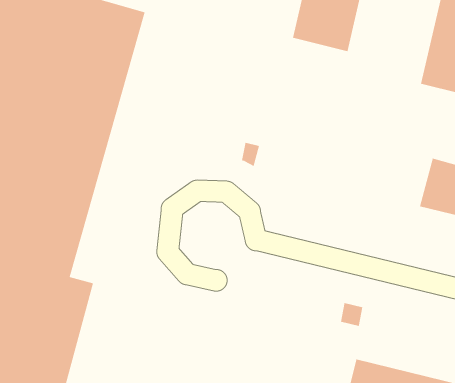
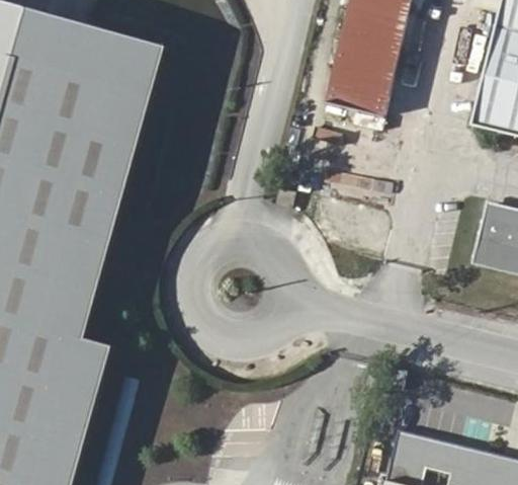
building: none -> [322,75,391,118]

